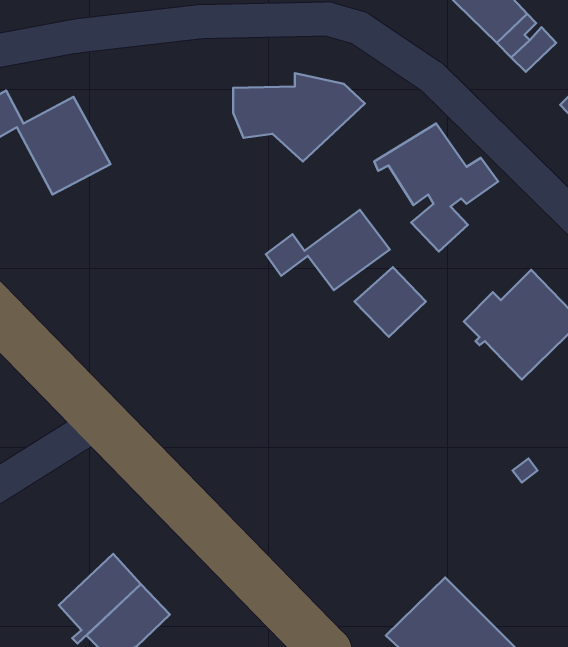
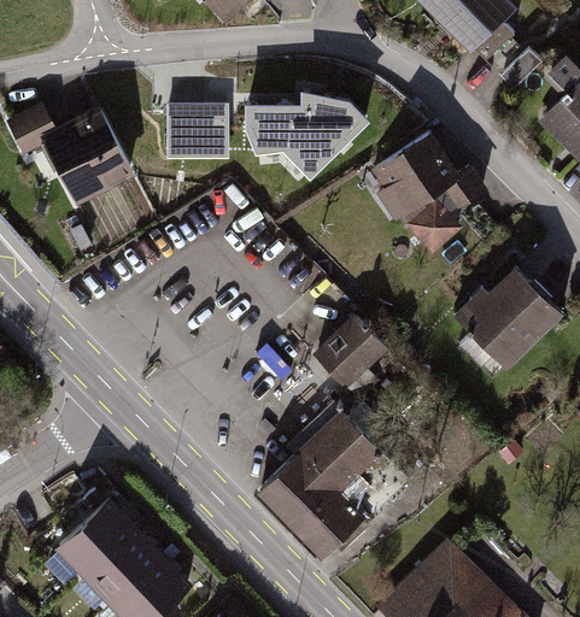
building: none -> [166,104,225,137]
building: [266,210,390,290] -> none
building: [355,267,426,337] -> [317,321,382,384]
building: none -> [254,411,382,557]
building: none -> [45,500,135,584]

